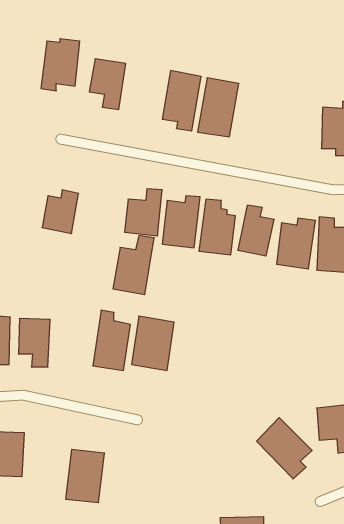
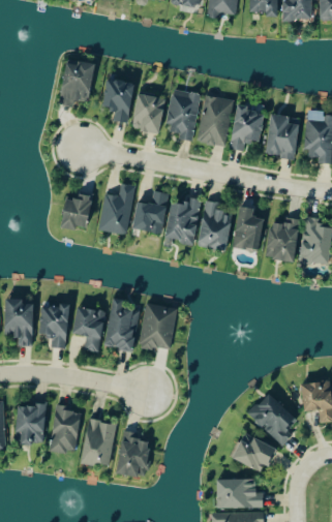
building: none -> [130,93,164,132]
building: none -> [230,103,264,150]
building: none -> [265,114,298,157]
building: [113,236,154,295] -> [98,183,134,235]
building: none -> [72,307,103,351]
building: none -> [52,407,79,452]
building: none -> [116,430,150,478]
building: none -> [231,432,275,472]

